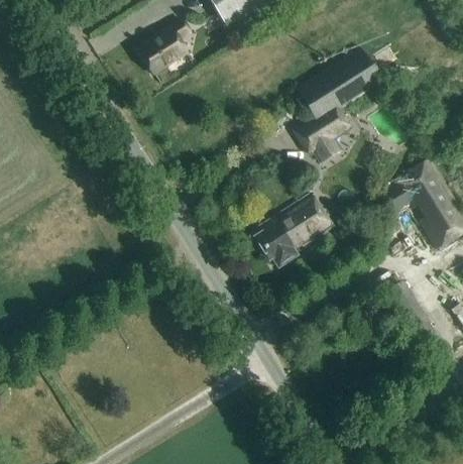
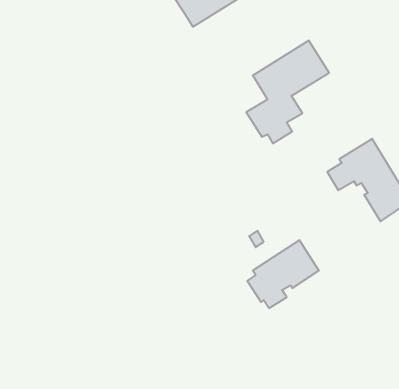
building: [138,18,191,72] -> none
building: [255,191,334,265] -> [247,240,319,308]

